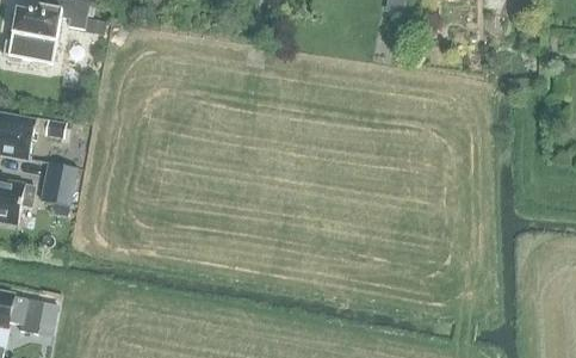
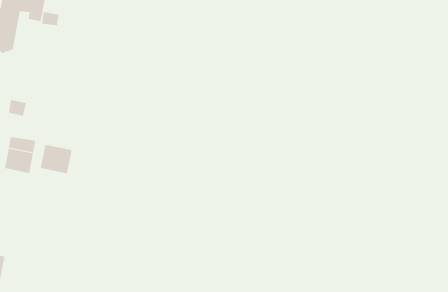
building: none -> [40,144,72,174]

